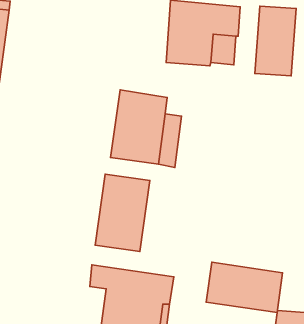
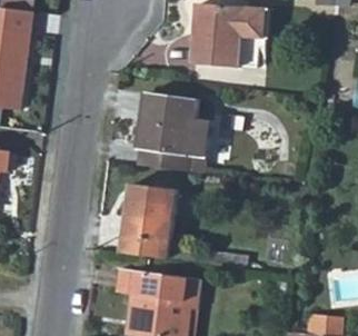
building: [255,6,296,76] -> none
building: [206,262,283,313] -> none

